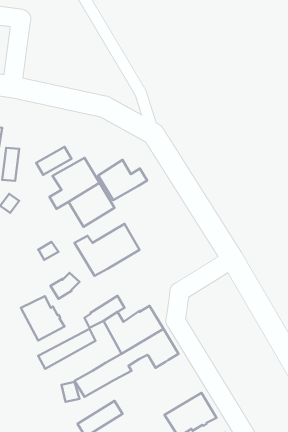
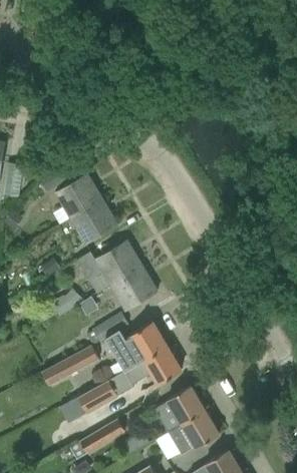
building: [98,160,147,200] -> none
building: none -> [110,266,158,310]
building: [21,296,65,340] -> none
building: none -> [155,385,205,431]

